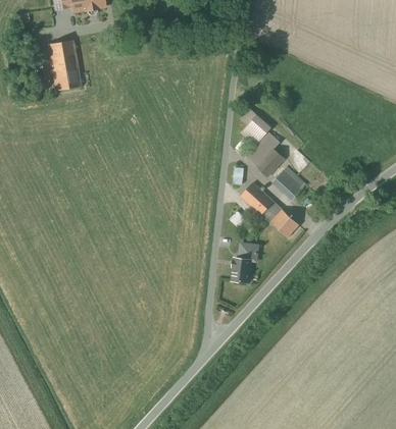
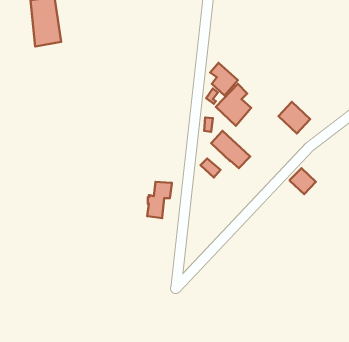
building: [274,166,307,200] -> [279,102,310,133]
building: [271,210,299,237] -> [290,168,316,194]
building: [233,244,259,282] -> [147,182,172,218]

